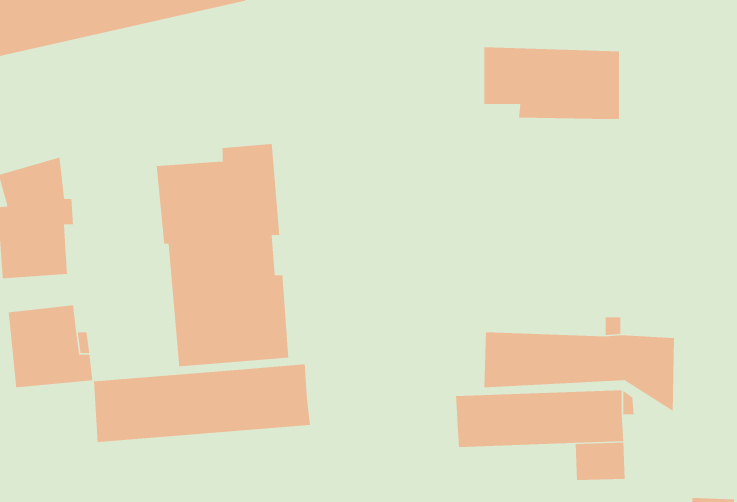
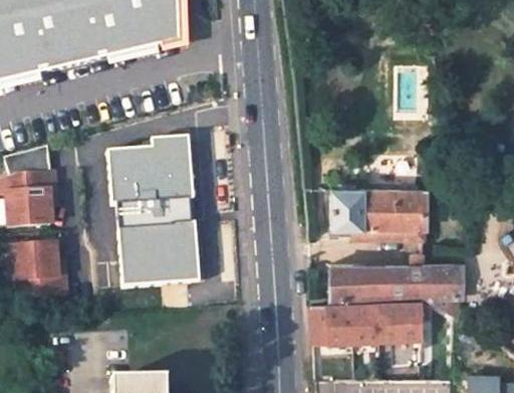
building: [484,46,620,120] -> [331,187,423,236]
building: [93,364,311,443] -> none

